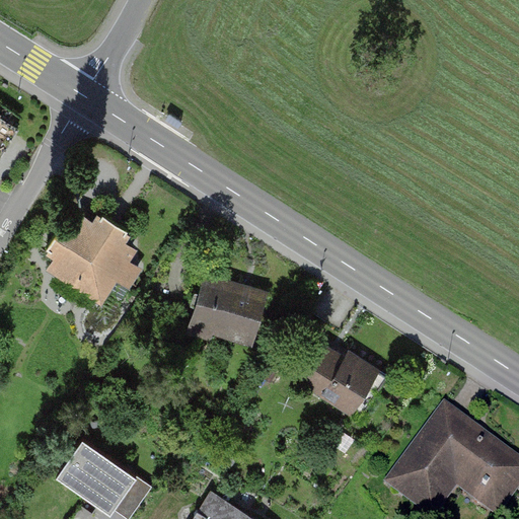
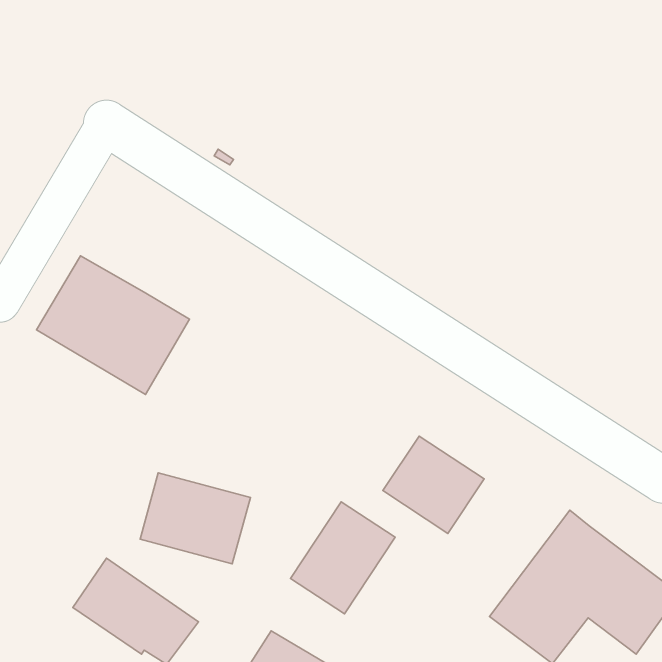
building: [179,276,266,347] -> [140,473,250,564]
building: none -> [291,502,395,614]

